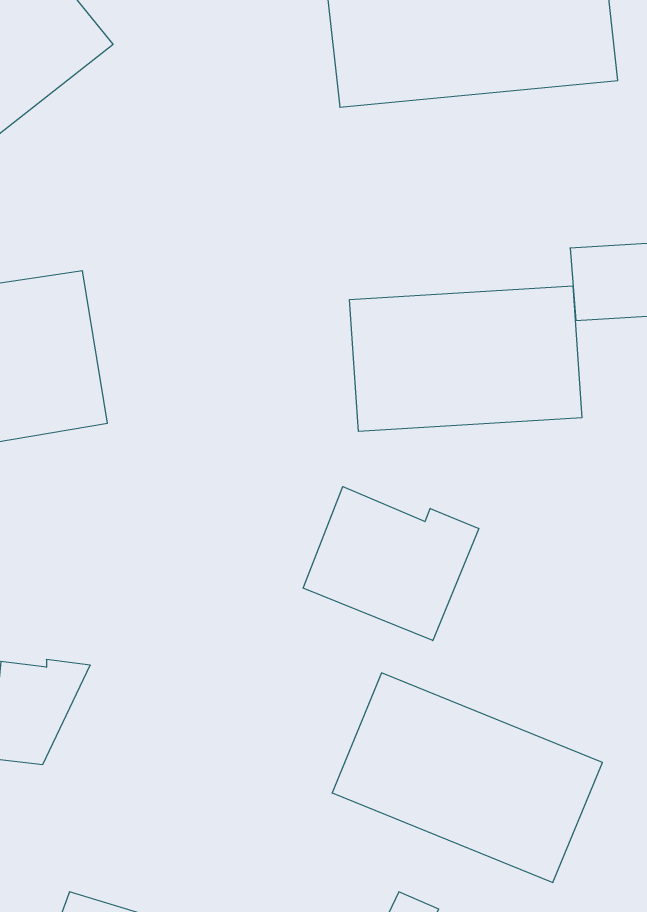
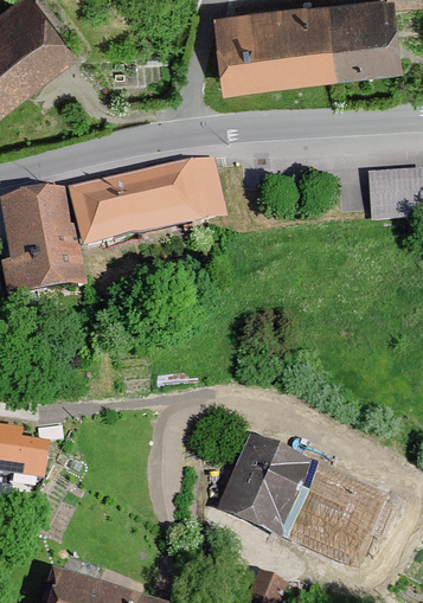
building: none -> [70,153,226,245]
building: [350,286,582,431] -> none
building: [303,487,479,641] -> none

